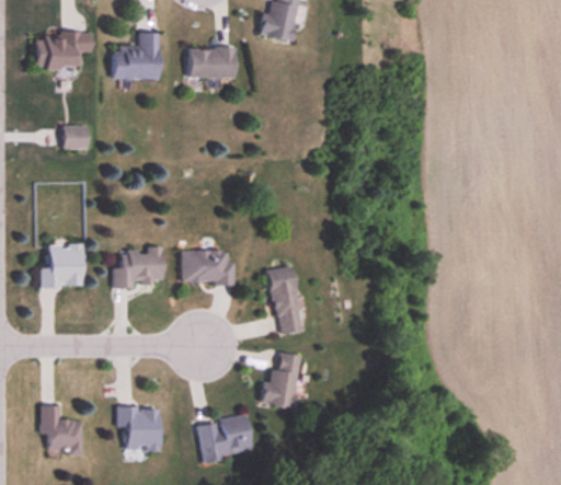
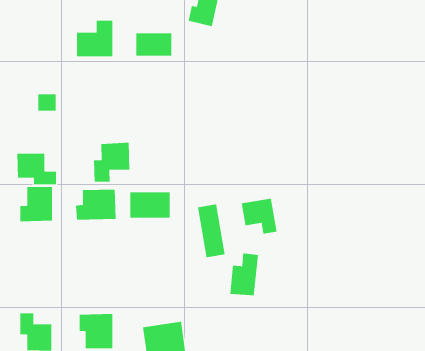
building: [35,31,93,70] -> none
building: none -> [94,142,130,182]
building: none -> [17,153,56,185]
building: none -> [241,198,277,235]
building: [263,354,300,408] -> [230,253,259,296]

